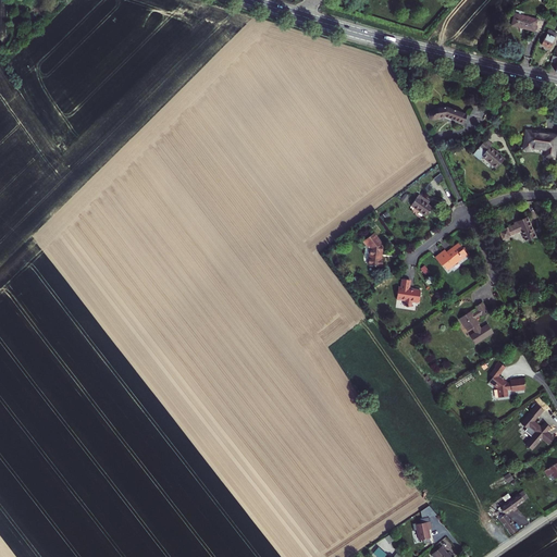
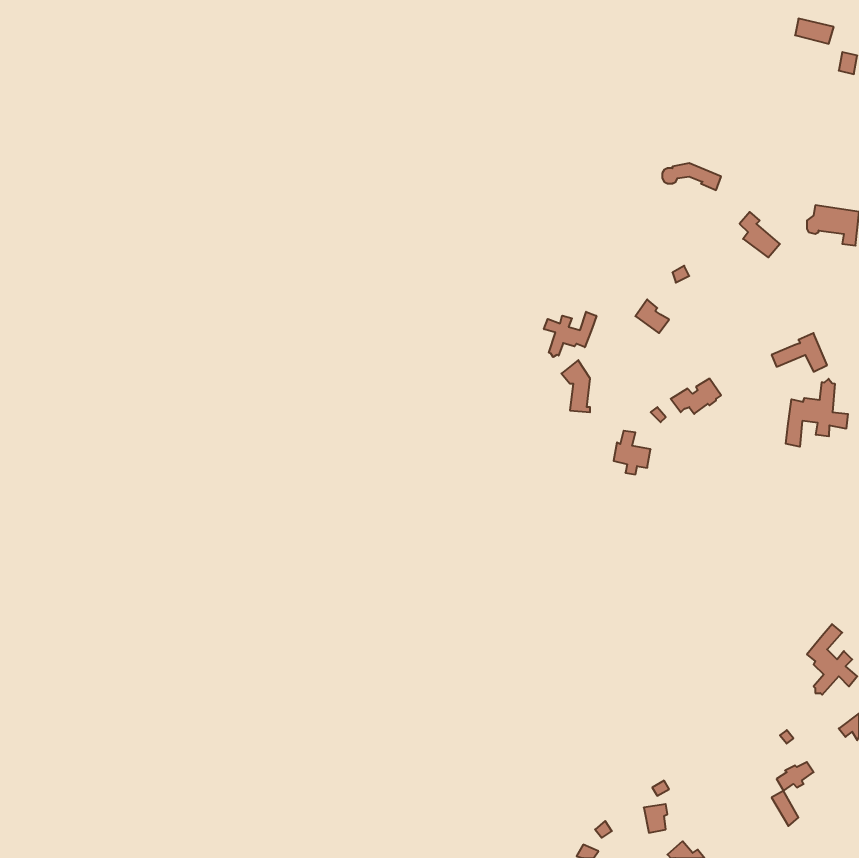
building: none -> [544,312,596,357]
building: none -> [786,379,848,447]
building: [461,302,494,344] -> none
building: [490,359,525,396] -> none

